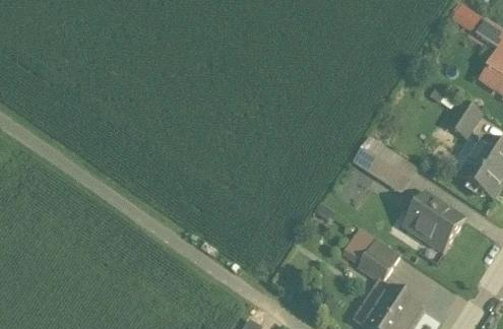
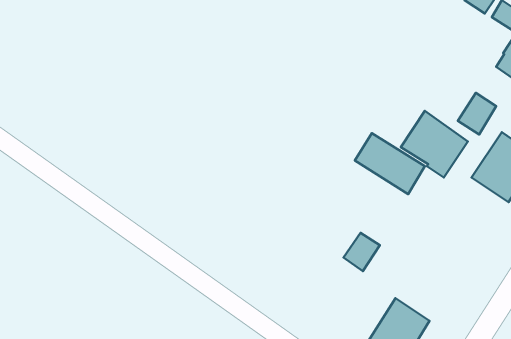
building: [403,192,463,252] -> [401,111,468,178]
building: [358,238,400,281] -> none

